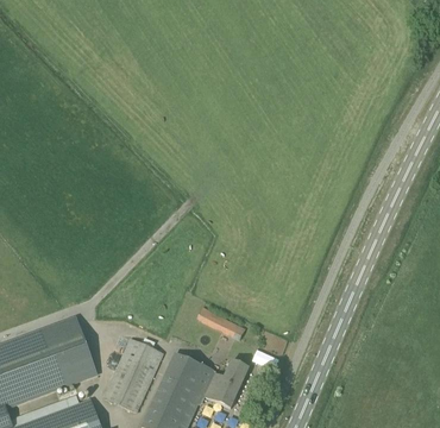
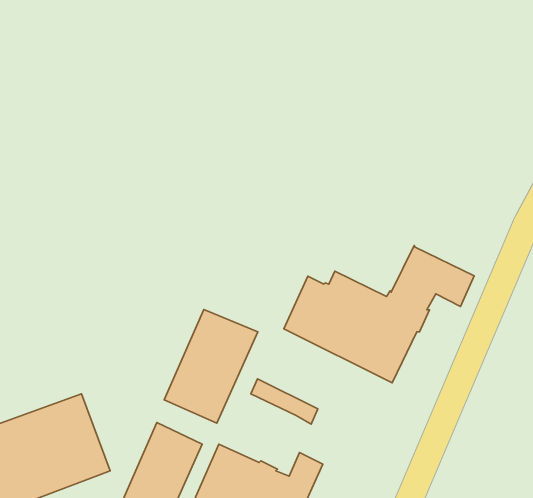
building: none -> [284,246,474,383]
building: none -> [164,310,258,423]

